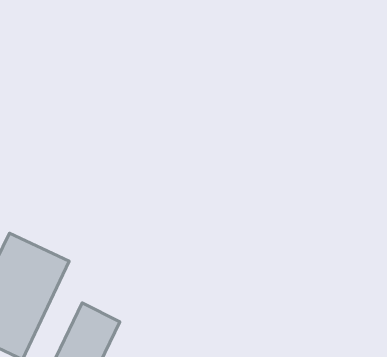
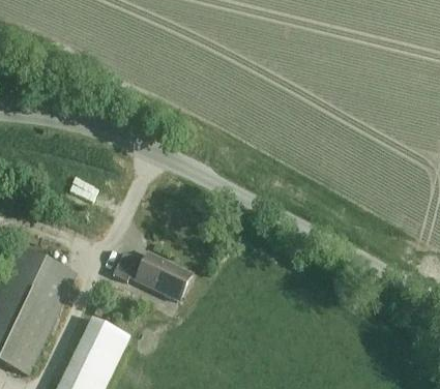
building: none -> [113,250,192,300]

